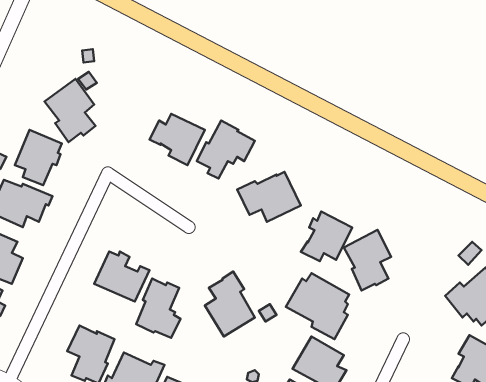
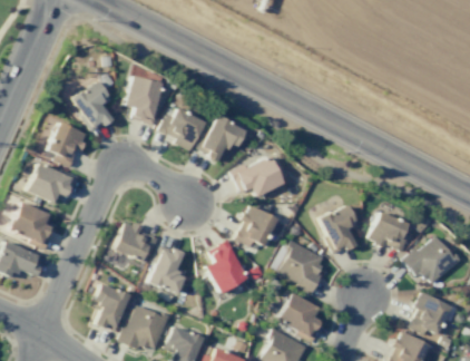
building: none -> [125,75,163,125]
building: [301,211,352,261] -> [235,205,277,246]
building: none -> [369,209,410,251]

